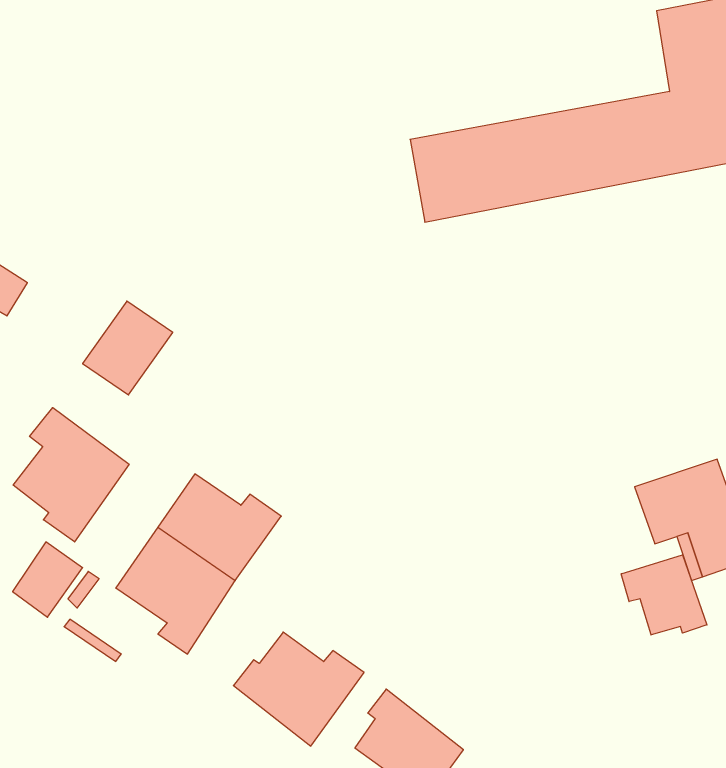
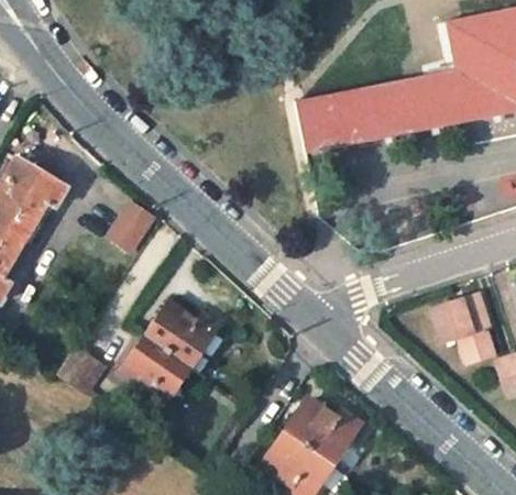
building: [13,408,129,542] -> none
building: [621,555,707,635] -> none
building: [233,632,364,746] -> [283,398,361,466]

